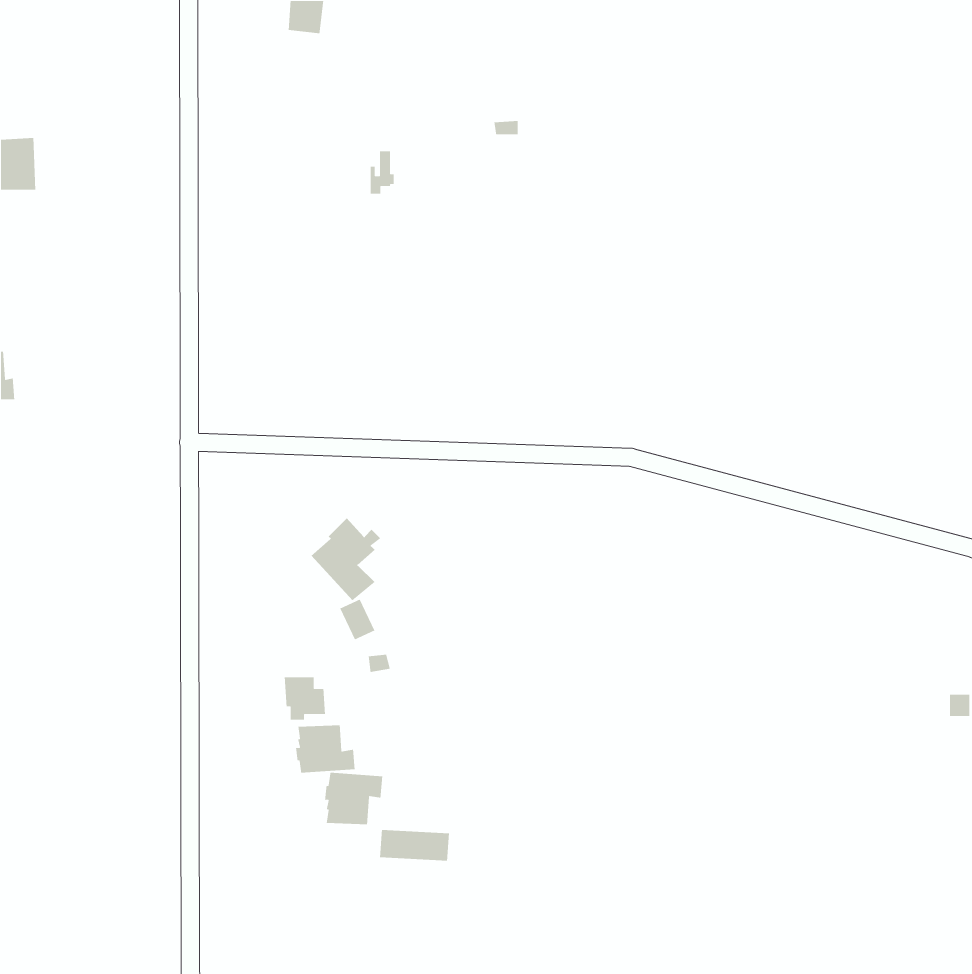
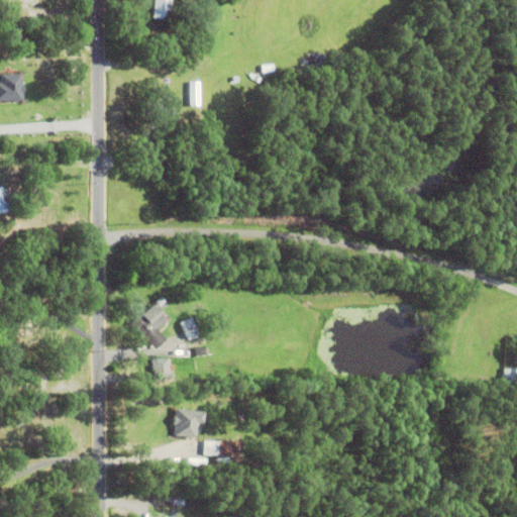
building: [311,517,381,601] -> [132,304,170,348]
building: [295,724,356,773] -> none

